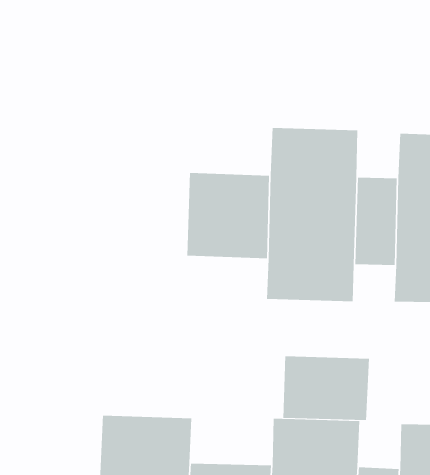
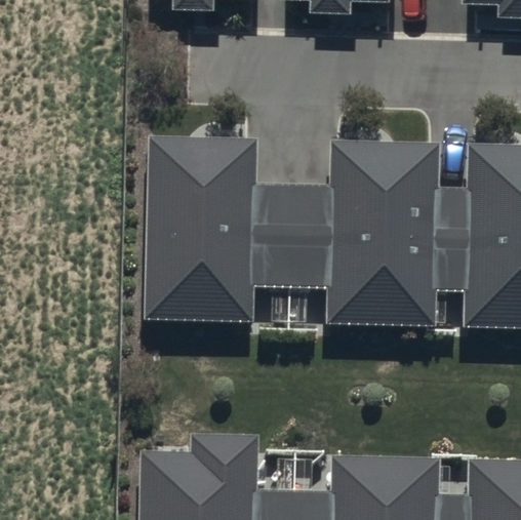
building: none -> [145,138,246,324]
building: [283,356,369,421] -> none

